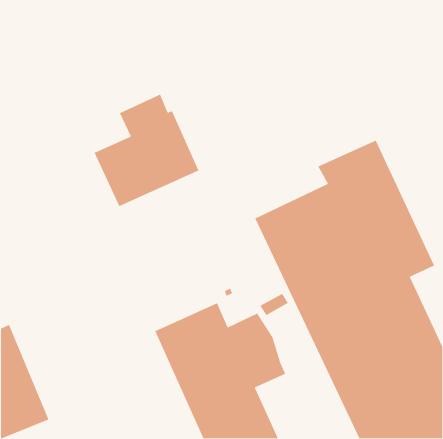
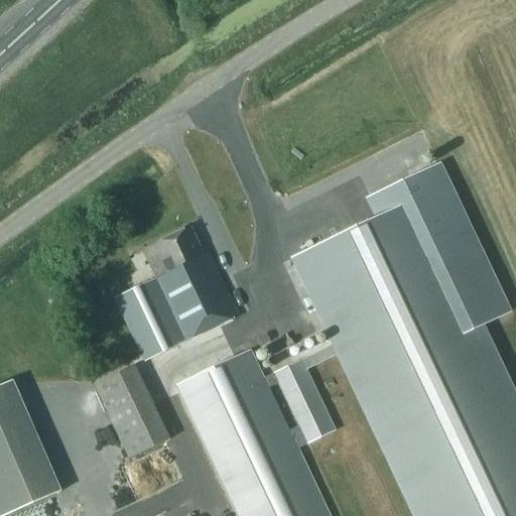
building: [94,94,199,207] -> [117,227,240,359]
building: none -> [95,364,169,456]

